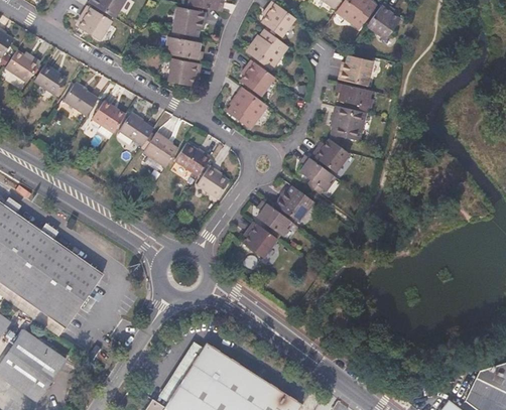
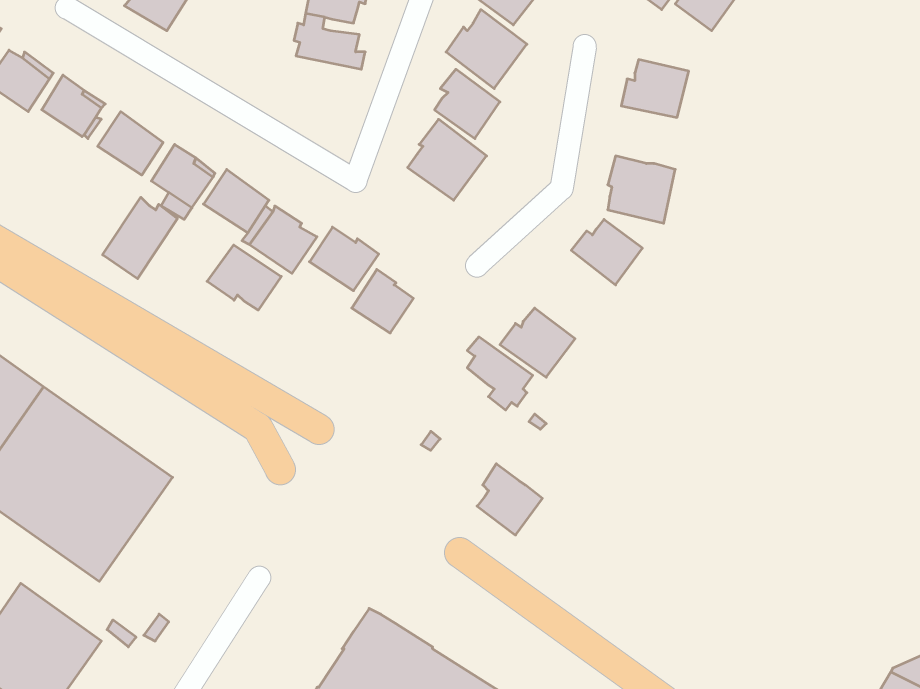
building: [167,58,201,86] -> none
building: [336,84,372,113] -> none
building: none -> [103,197,177,279]
building: none -> [207,245,281,310]
building: [299,158,333,194] -> none
building: [243,221,277,258] -> [477,464,542,535]

